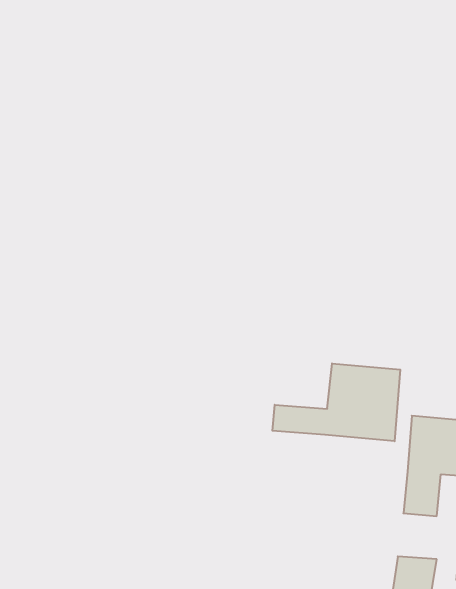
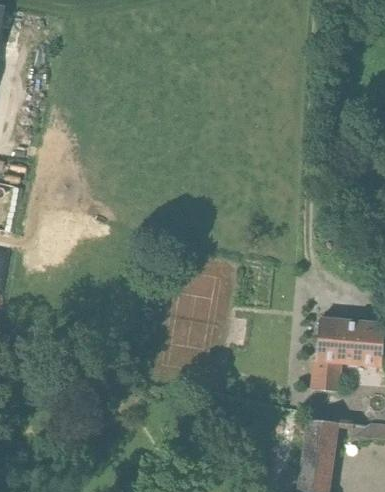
building: [272,363,400,441] -> none

